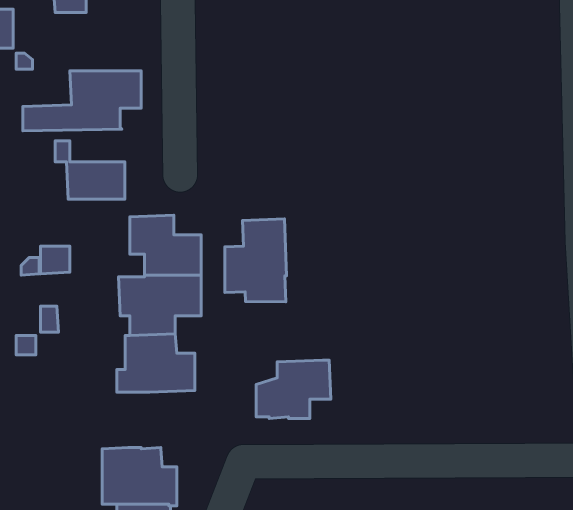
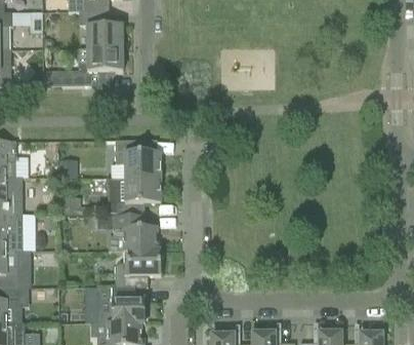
building: [55,141,125,199] -> [79,10,123,47]
building: [225,219,287,302] -> none
building: [256,360,331,418] -> [115,250,162,286]

